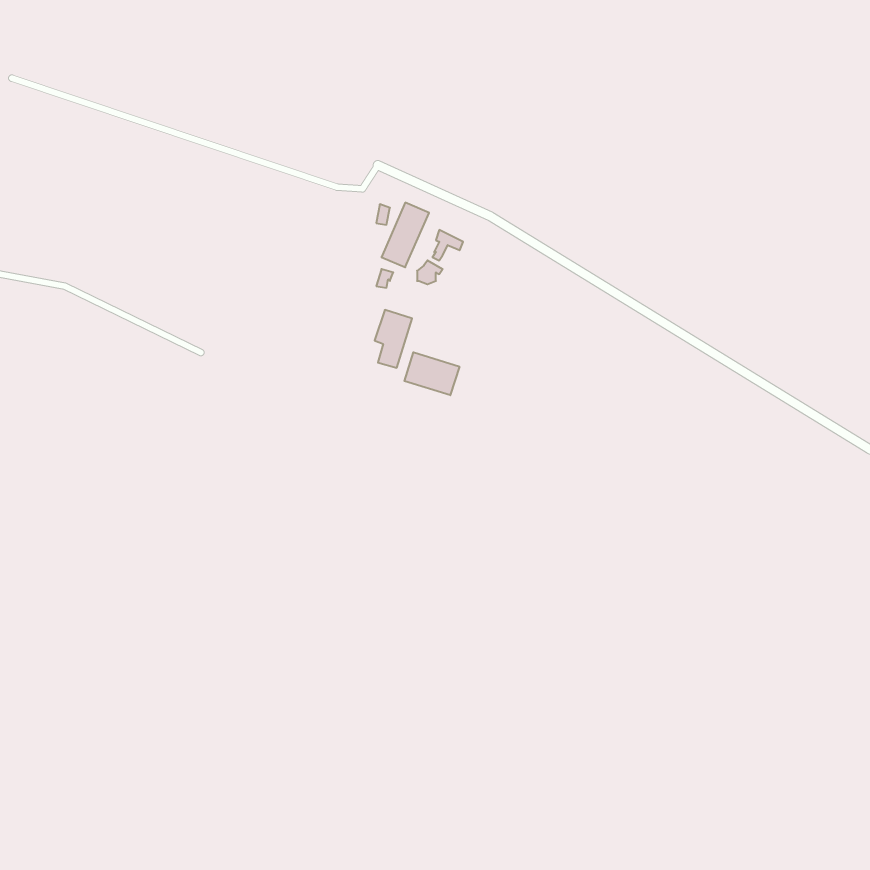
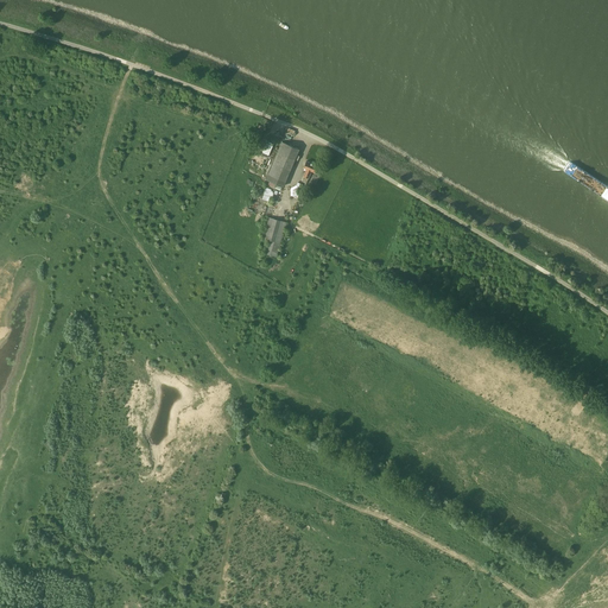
building: [404,352,459,395] -> none

